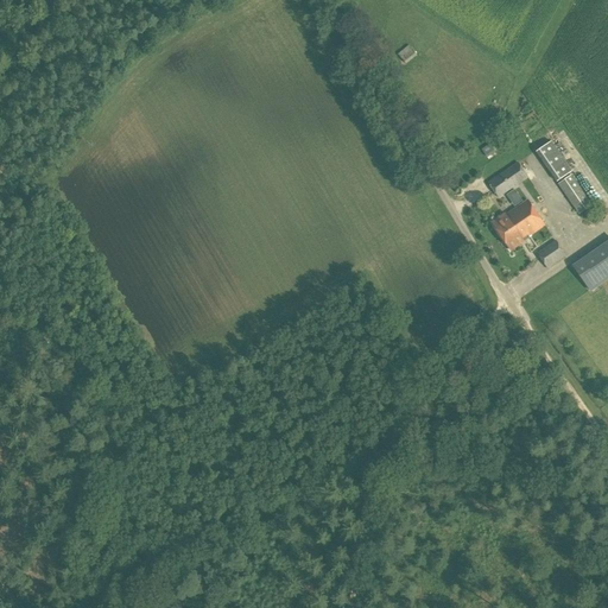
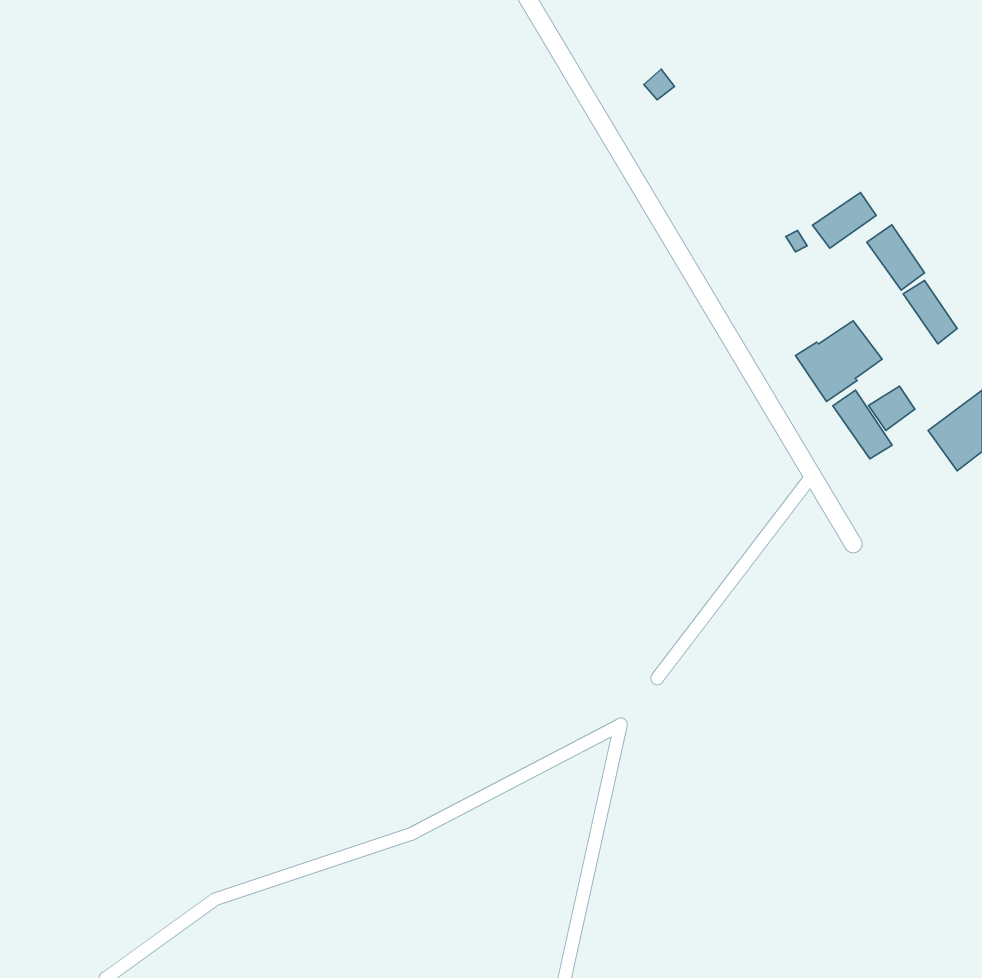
building: [488,160,527,195] -> [813,193,876,248]
building: none -> [833,390,892,459]

